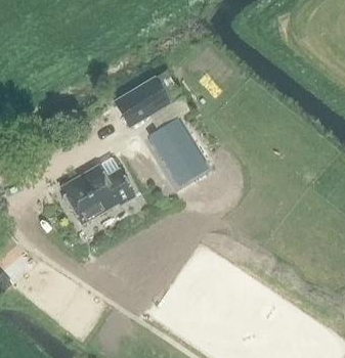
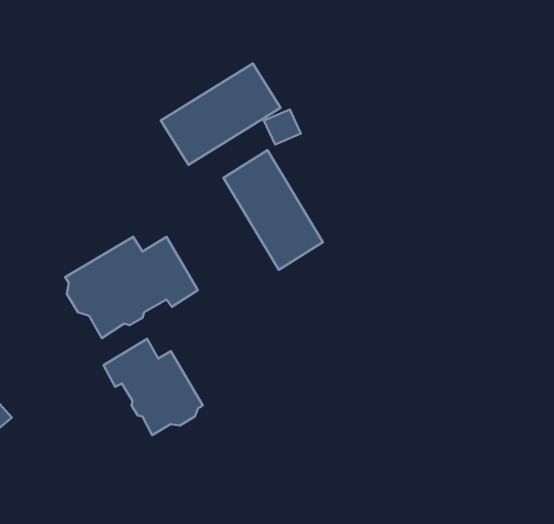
building: none -> [103,339,203,435]

